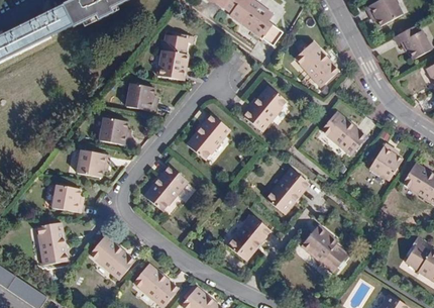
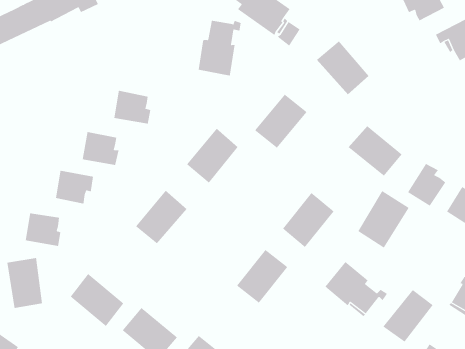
building: [156,34,193,81] -> [198,20,241,76]
building: none -> [358,190,410,248]
building: none -> [383,289,434,342]

